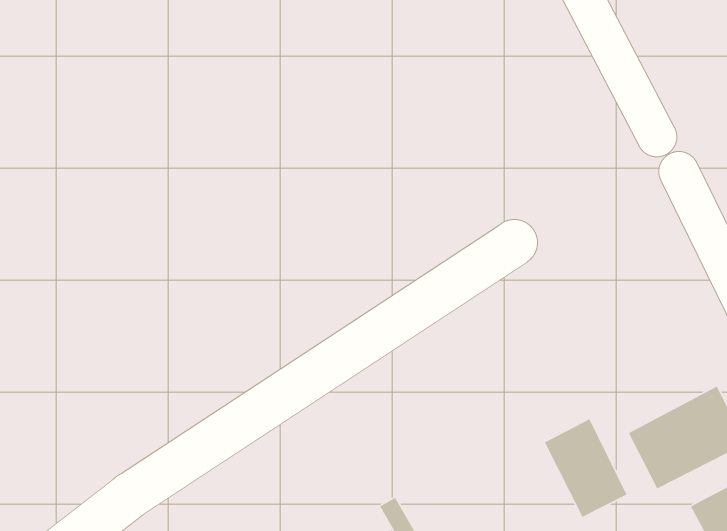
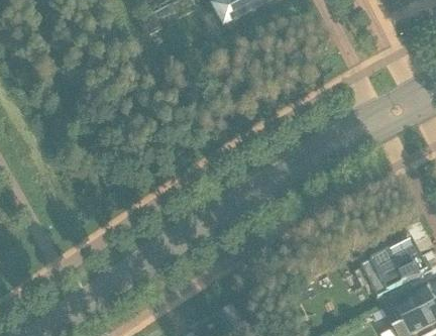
building: [544,418,628,518] -> none

